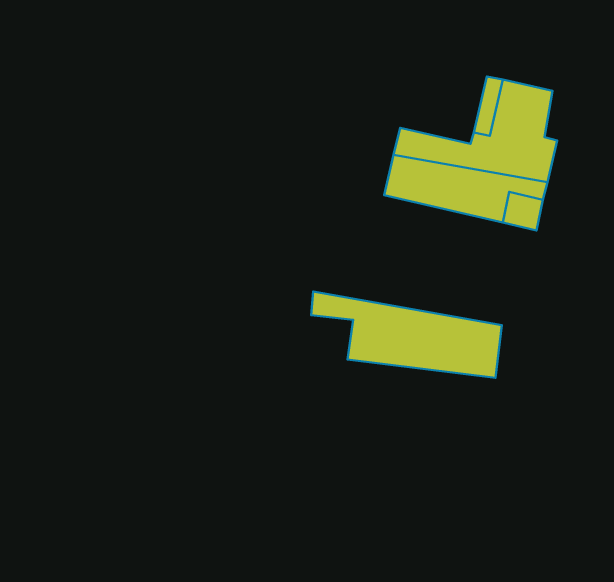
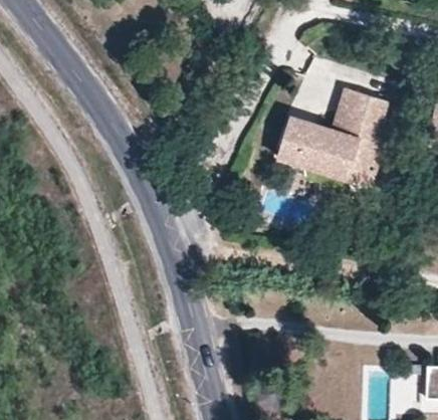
building: [311,292,502,378] -> none

